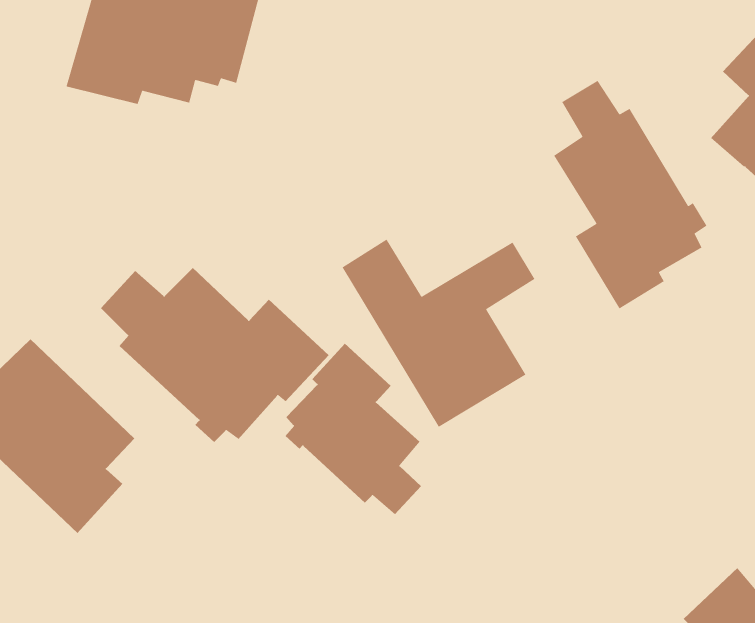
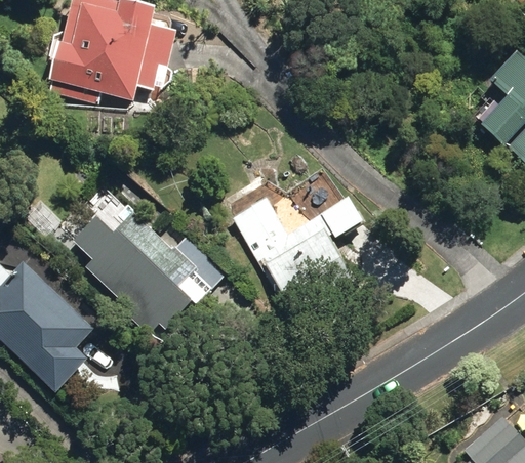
building: [553,80,707,309] -> none
building: [285,343,422,515] -> none

